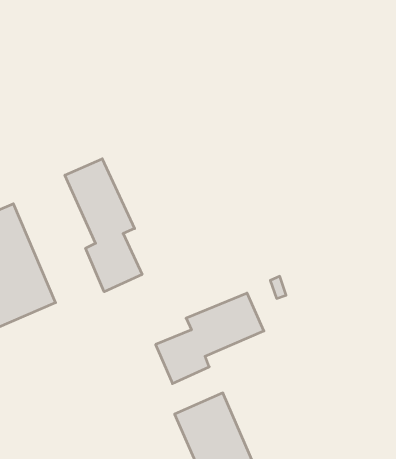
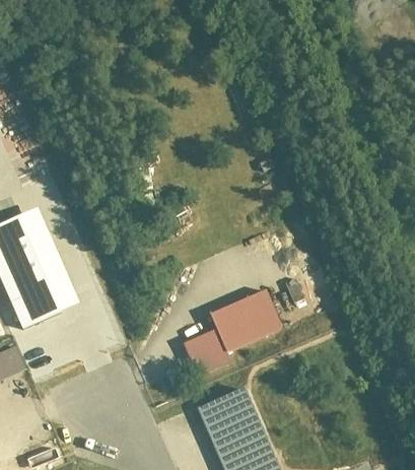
building: [65,159,142,292] -> none

